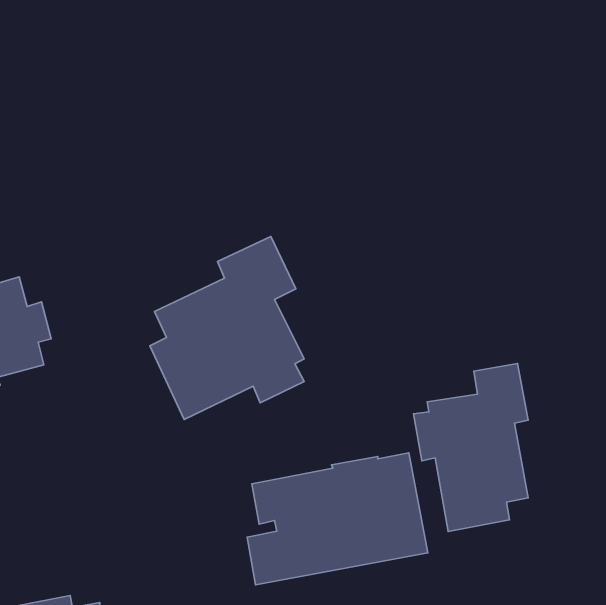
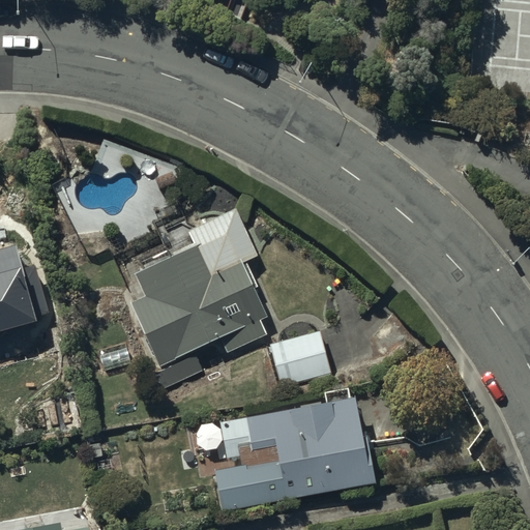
building: [414,363,528,531] -> none
building: none -> [269,332,329,388]

